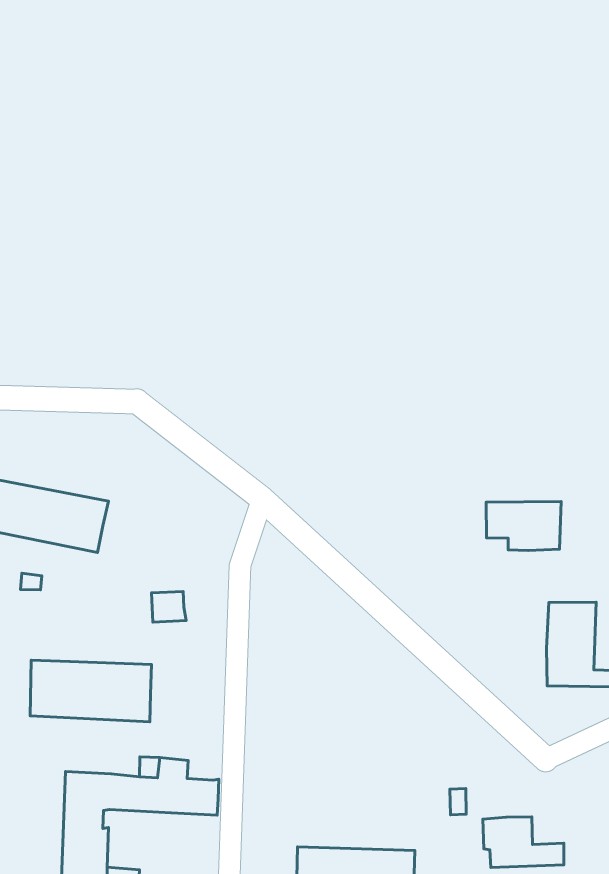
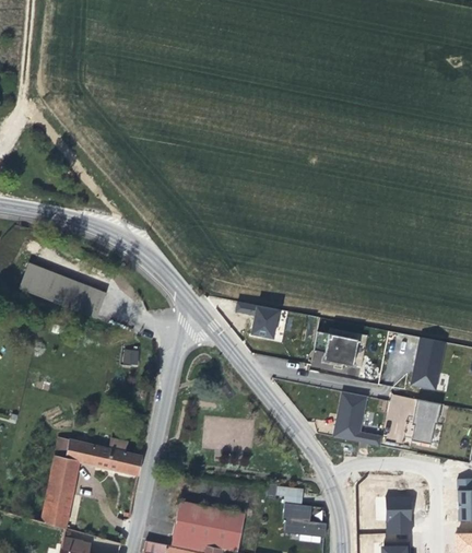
building: none -> [235,302,279,339]
building: [30,660,152,722] -> none

